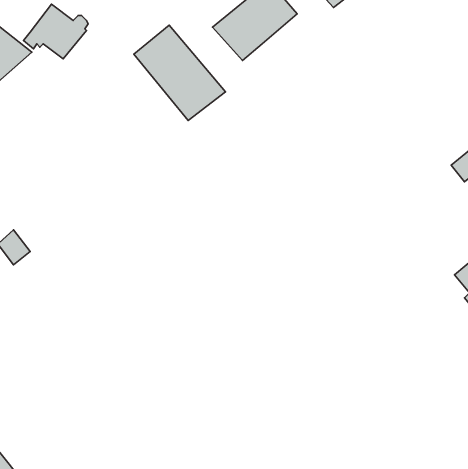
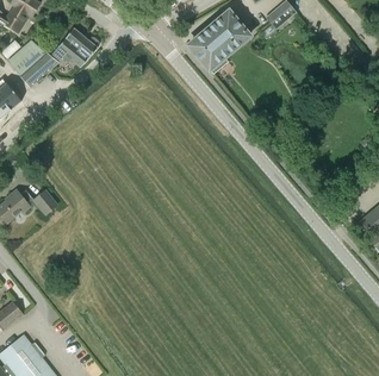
building: [134,25,225,120] -> none

